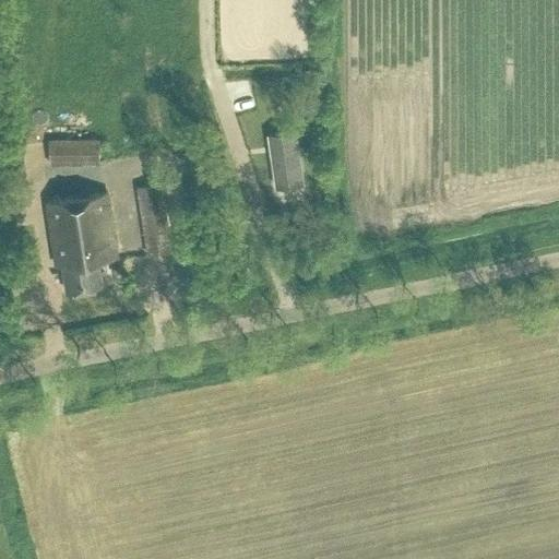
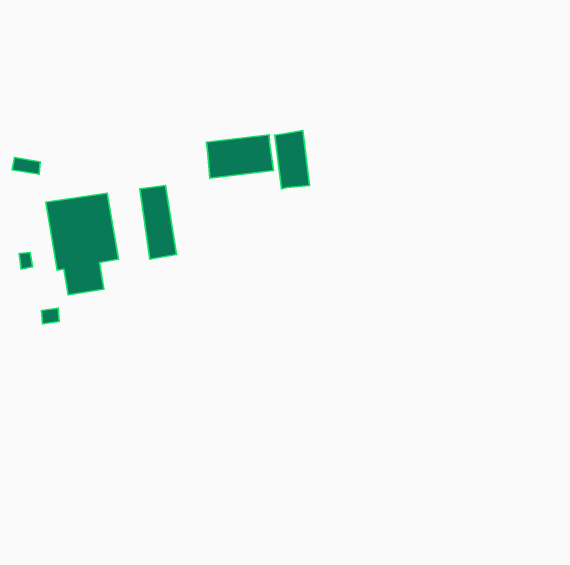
building: none -> [207,135,274,178]
building: [48,142,98,164] -> none

